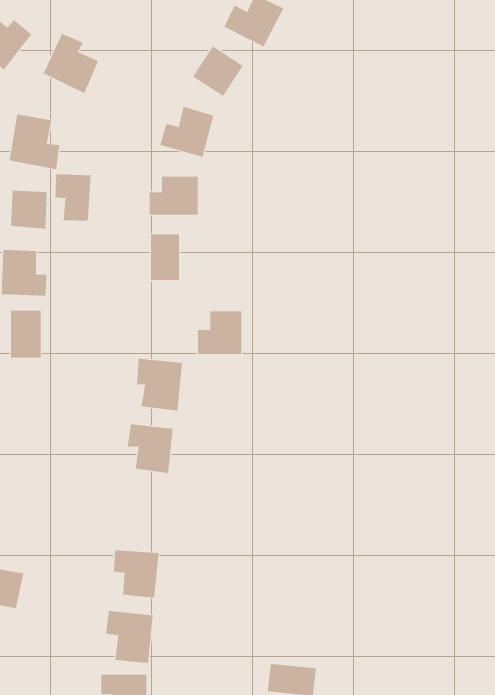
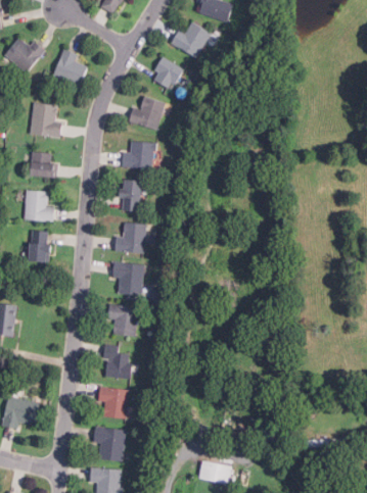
building: [55,173,91,222] -> none
building: [197,311,242,354] -> [116,224,145,252]
building: none -> [104,347,132,378]

